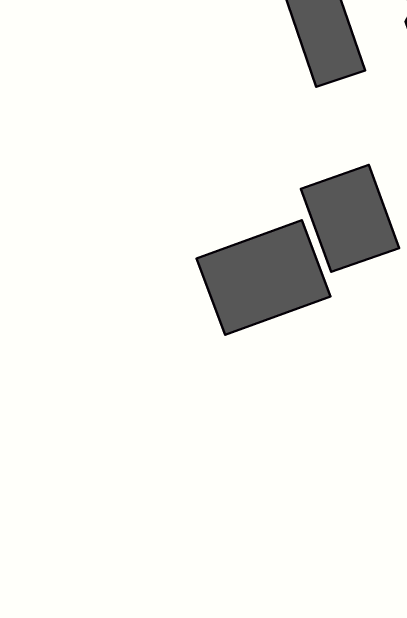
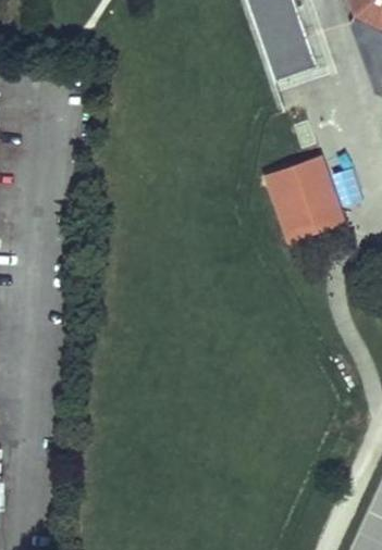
building: [196,220,331,335] -> none

